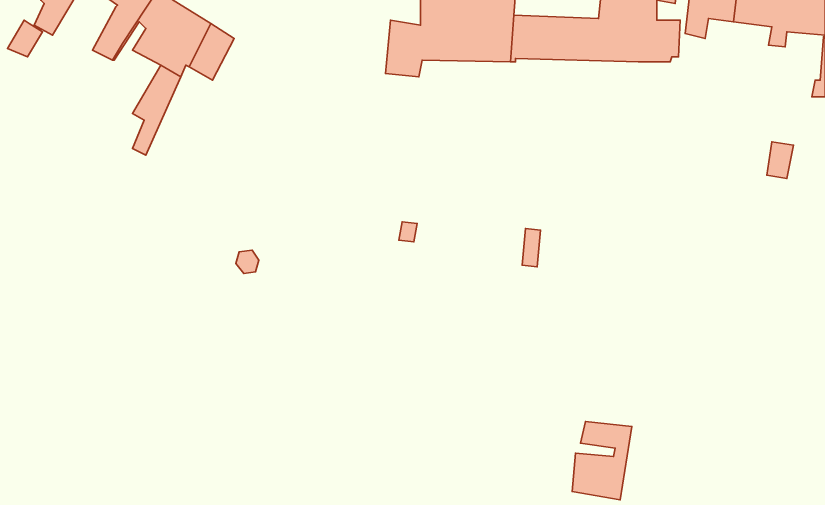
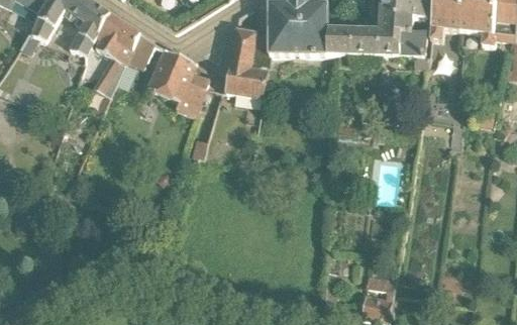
building: none -> [223,26,269,97]
building: none -> [145,46,210,113]

